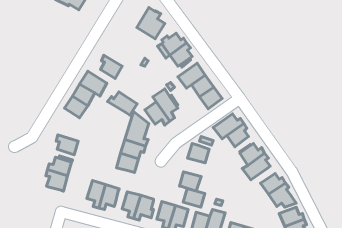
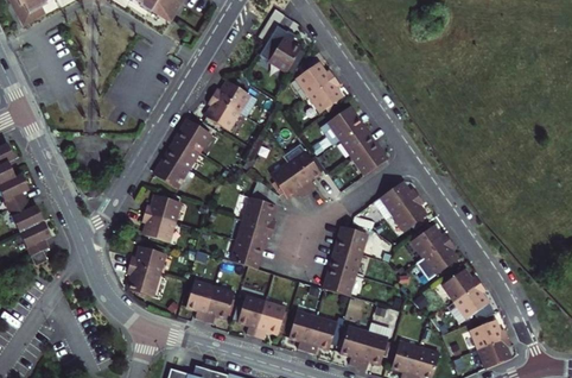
building: [107,92,137,115] -> [211,81,255,115]
building: none -> [144,194,179,222]
building: [183,189,205,207] -> [329,247,361,275]

